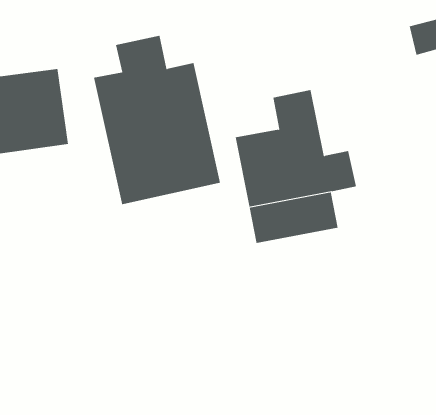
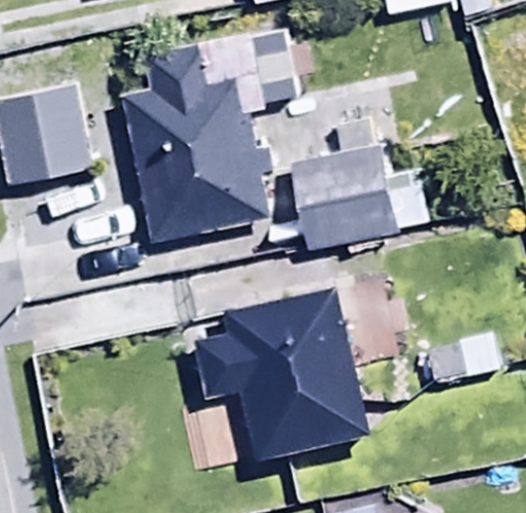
building: none -> [191,288,367,463]

